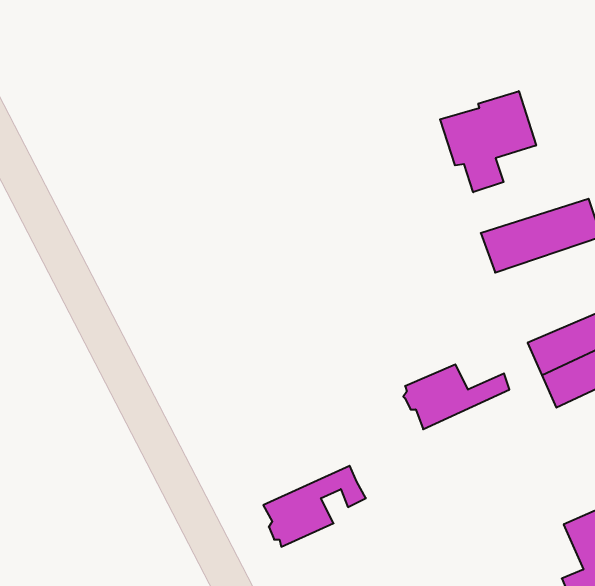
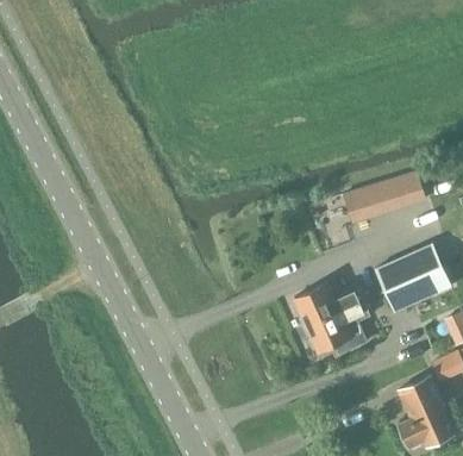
building: [440,91,536,192] -> none
building: [263,466,366,547] -> [305,301,373,355]

